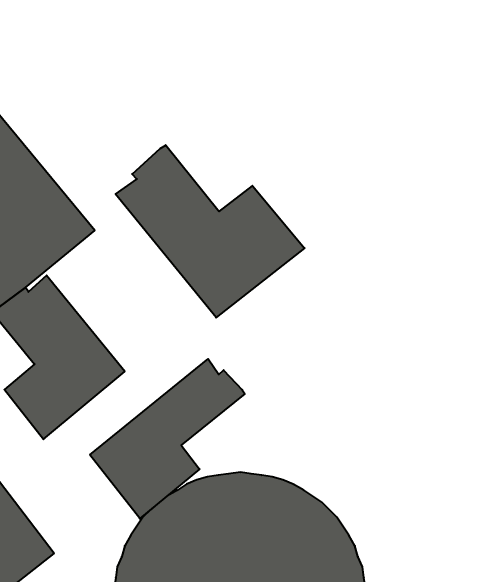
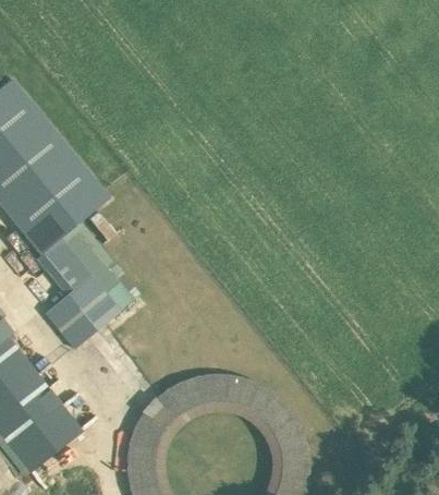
building: [116,145,305,318] -> none
building: [90,359,245,519] -> none

